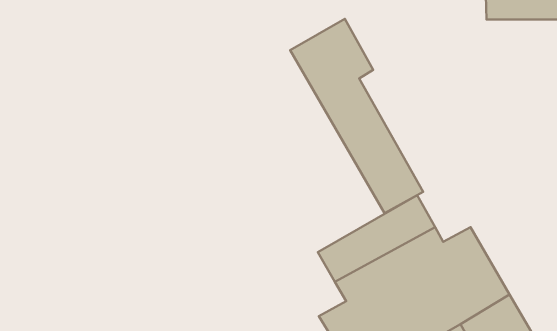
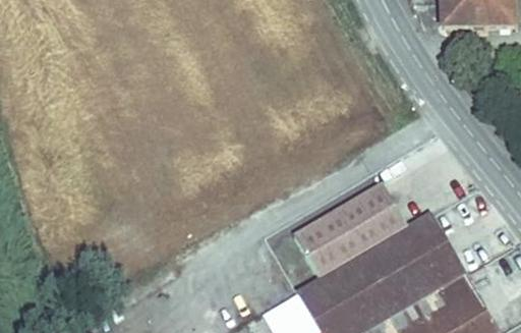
building: [290,19,423,213] -> none

